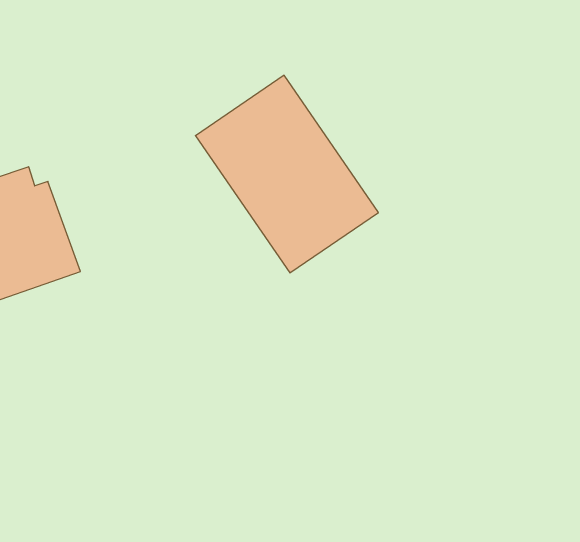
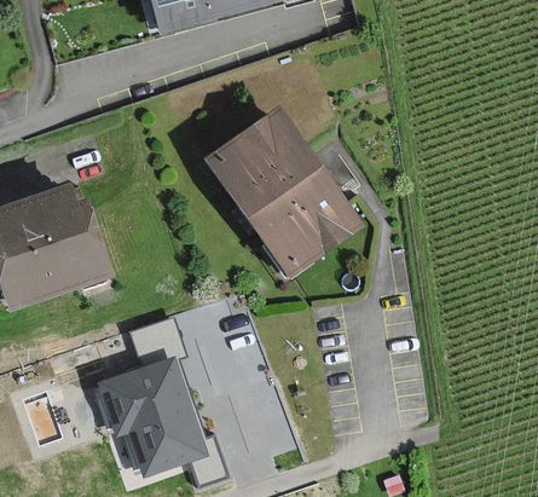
building: none -> [99,359,203,474]

